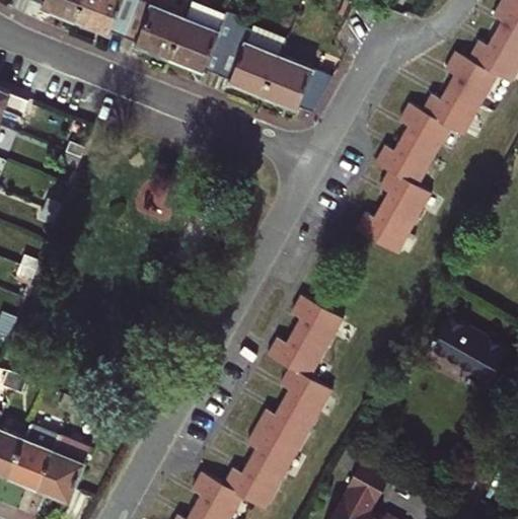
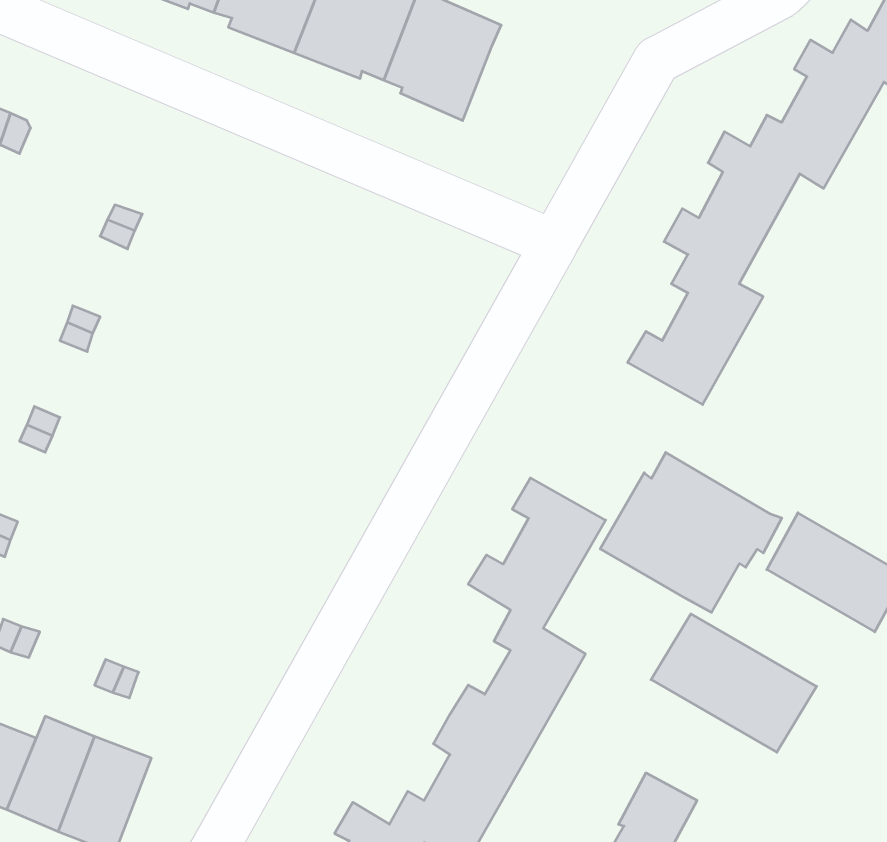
building: [263,56,332,113] -> none
building: none -> [600,452,782,612]
building: none -> [651,614,817,752]

